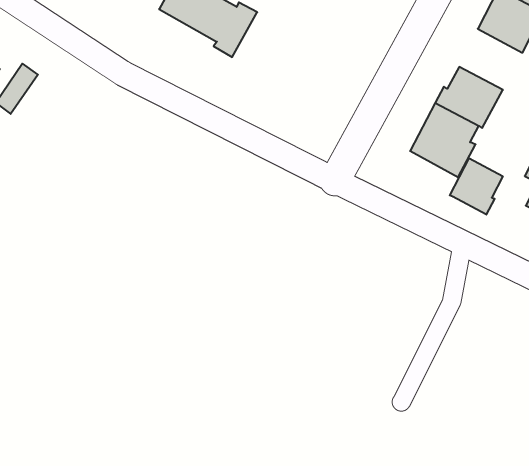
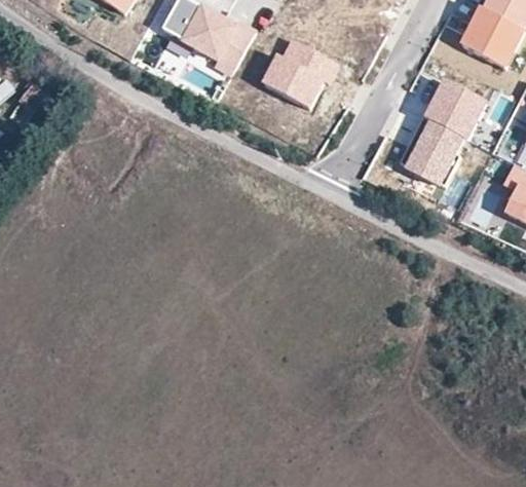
building: none -> [261,39,340,107]
building: [450,158,503,215] -> none

